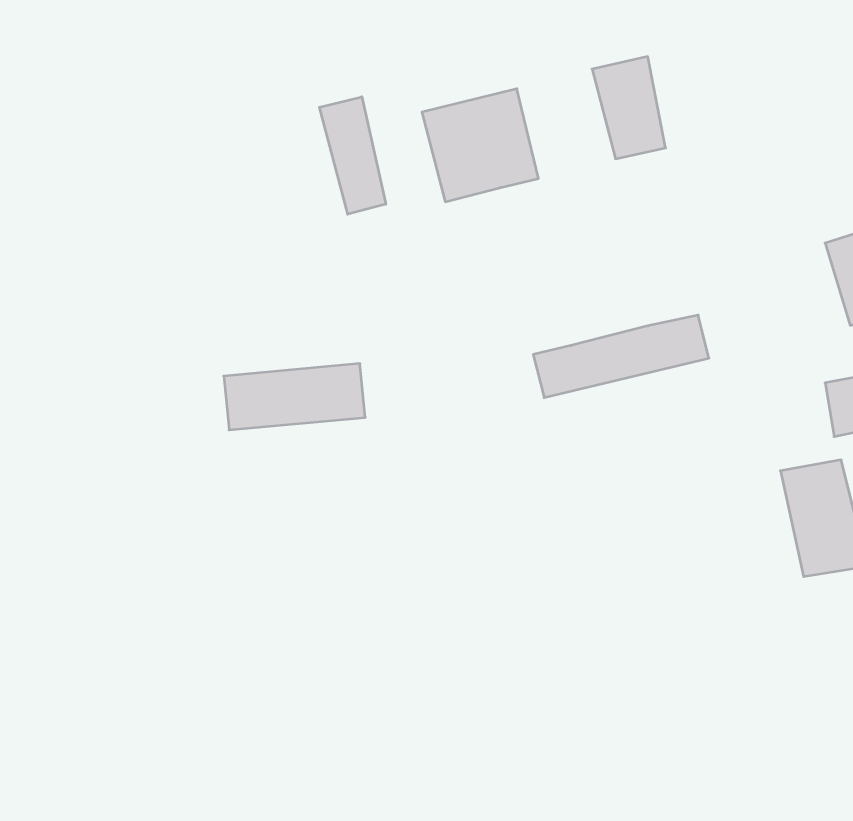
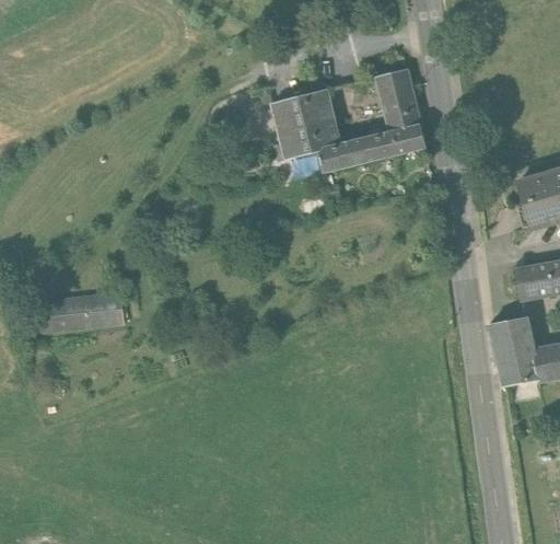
building: [319,97,386,214] -> none
building: [533,315,709,398] -> [318,124,425,174]
building: [224,364,365,430] -> [36,290,122,331]

